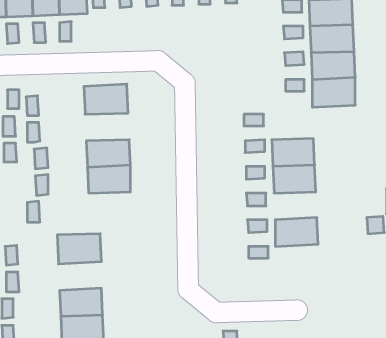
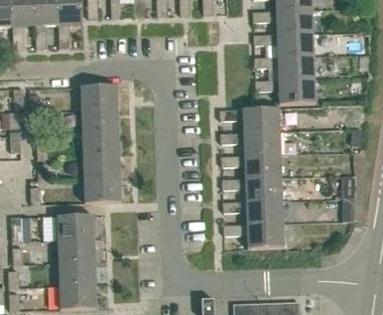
building: none -> [242,107,279,132]
building: none -> [81,109,119,133]
building: none -> [84,177,121,202]
building: none -> [245,177,282,201]
building: none -> [246,222,284,248]
building: none -> [57,238,95,263]

